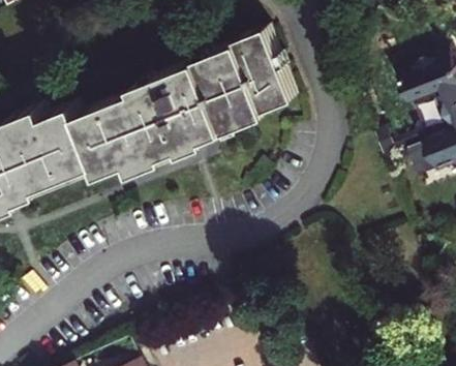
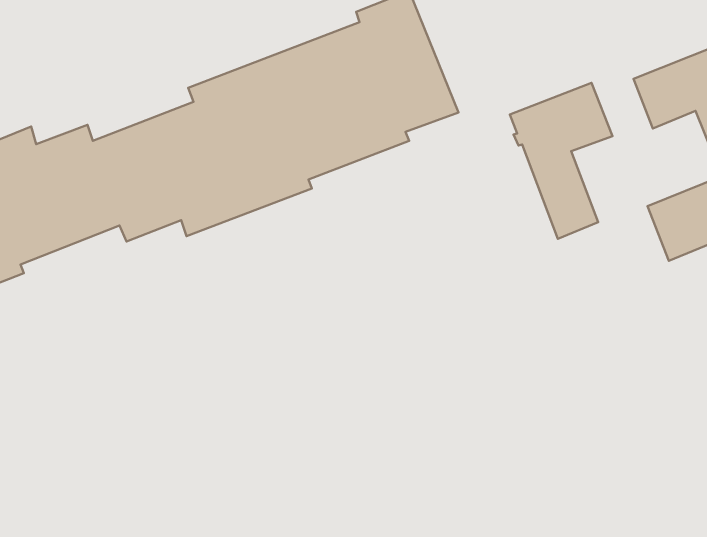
building: none -> [510,83,612,239]

